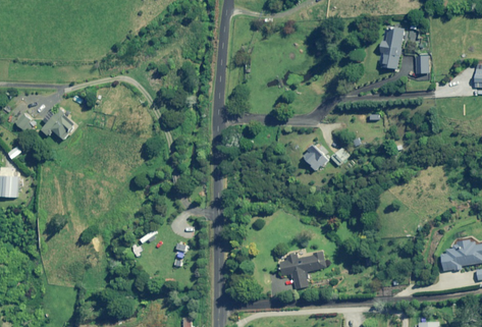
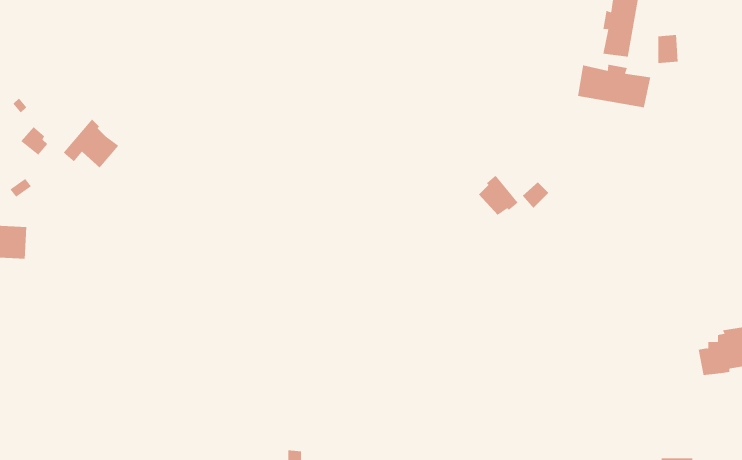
building: none -> [578,64,651,108]
building: [279,252,325,288] -> none

